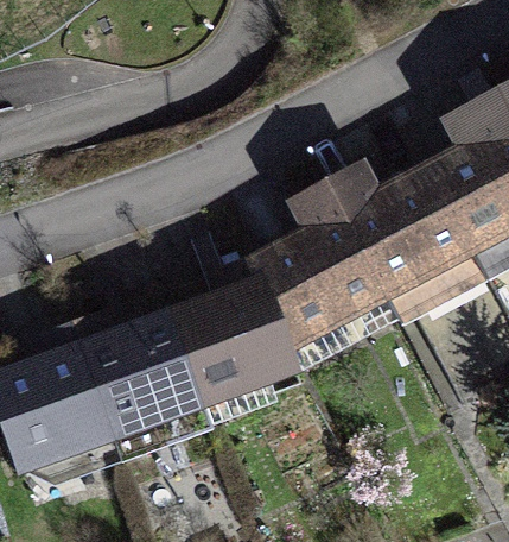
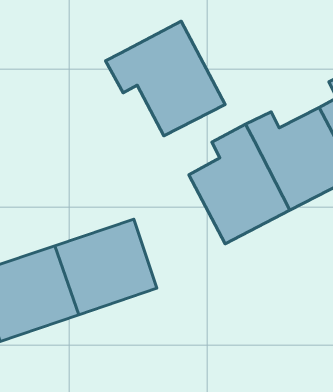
building: none -> [106,21,225,136]
building: [196,278,313,399] -> none

